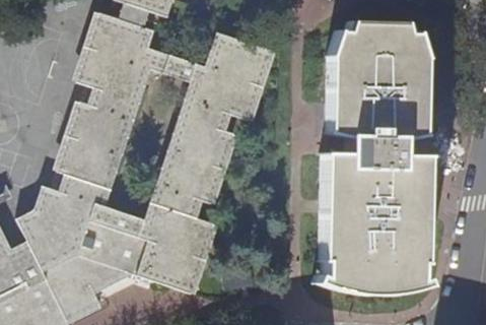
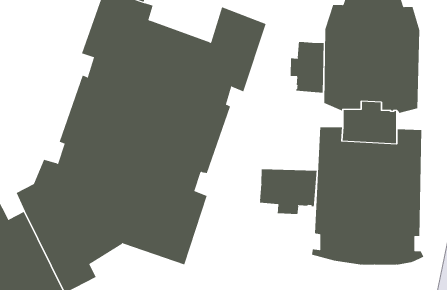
building: none -> [290,41,324,93]
building: none -> [259,168,317,215]

